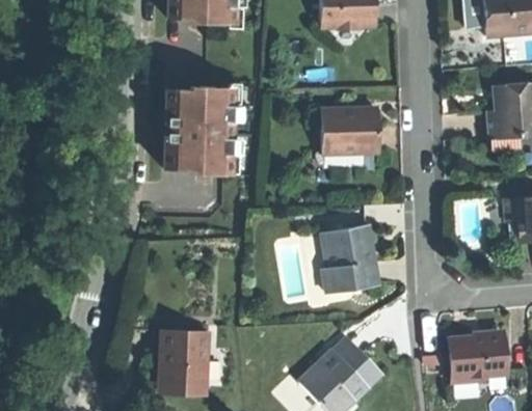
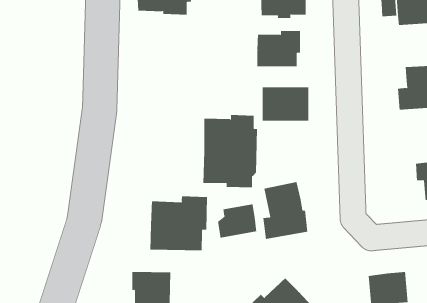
building: none -> [257,30,301,67]
building: [165,87,232,175] -> [203,115,258,188]
building: none -> [150,196,207,251]
building: none -> [218,203,257,238]

